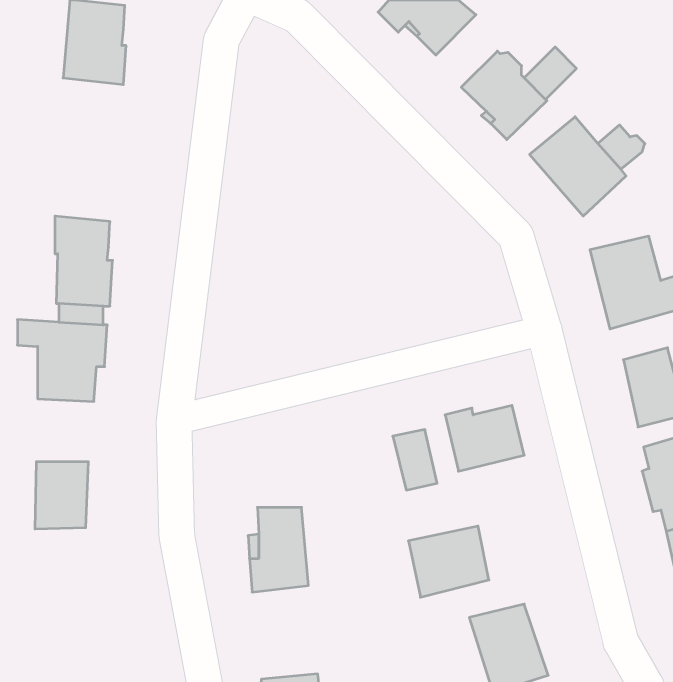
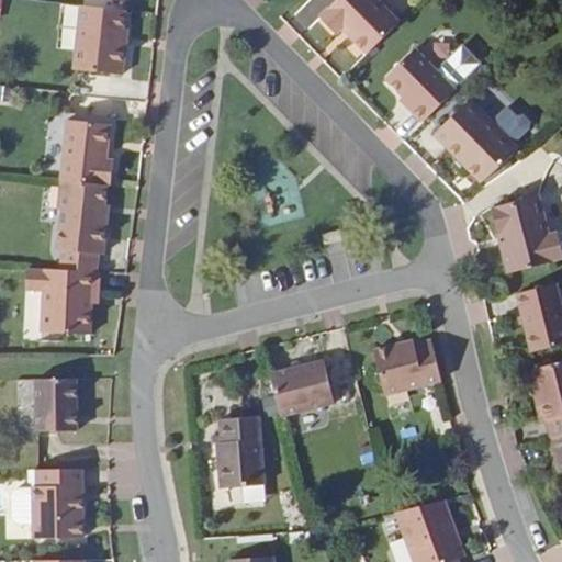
building: none -> [55,122,104,184]
building: [408,526,489,597] -> [267,360,333,418]
building: none -> [15,471,85,542]

